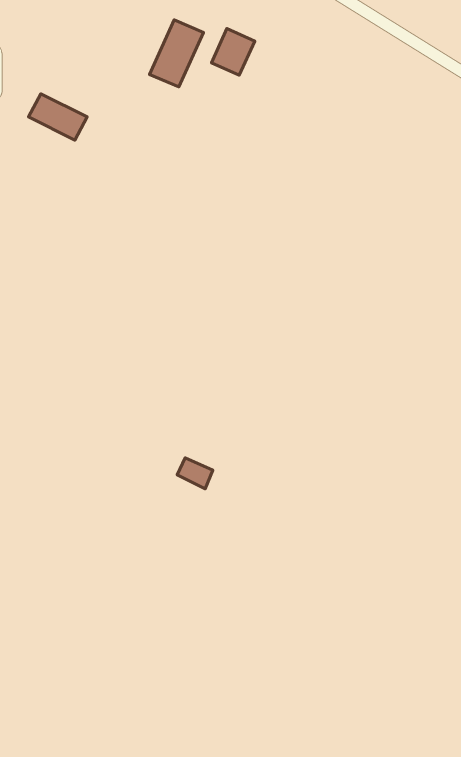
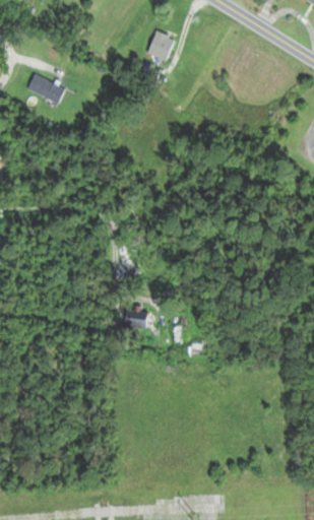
building: [149,20,204,87] -> none

